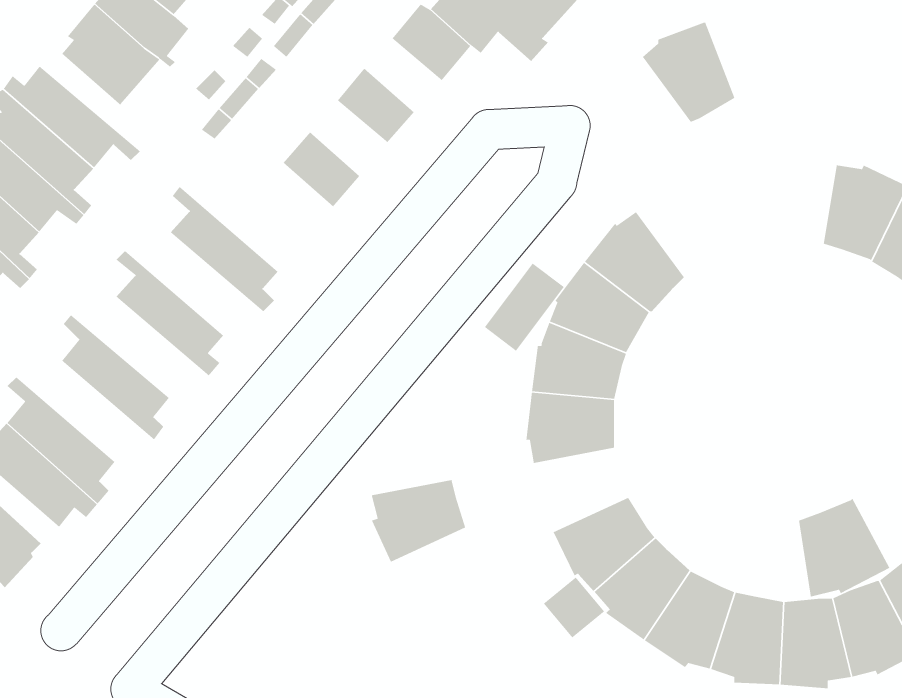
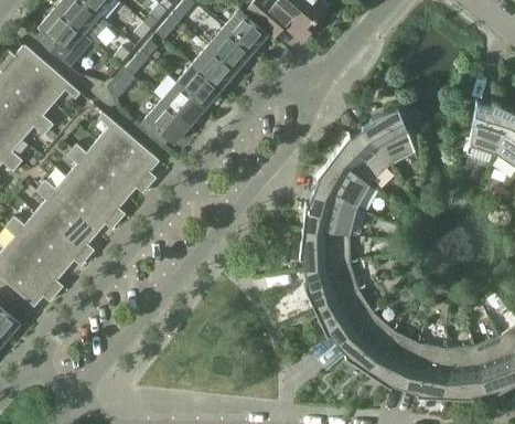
building: [642,22,735,123] -> [363,106,416,163]
building: none -> [208,28,253,70]
building: none -> [178,63,222,106]
building: none -> [141,98,191,142]
building: none -> [73,138,151,197]
building: [484,262,565,352] -> none
building: none -> [42,174,120,232]
building: none -> [11,211,89,268]
building: [371,479,466,563] -> [304,261,358,308]
building: [798,497,890,597] -> none

